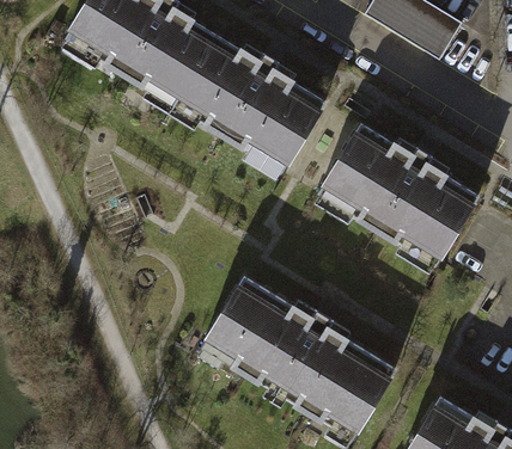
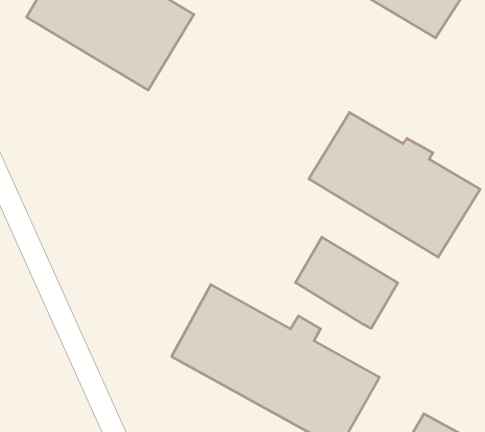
building: [178,36,325,168] -> none
building: none -> [295,237,398,328]

